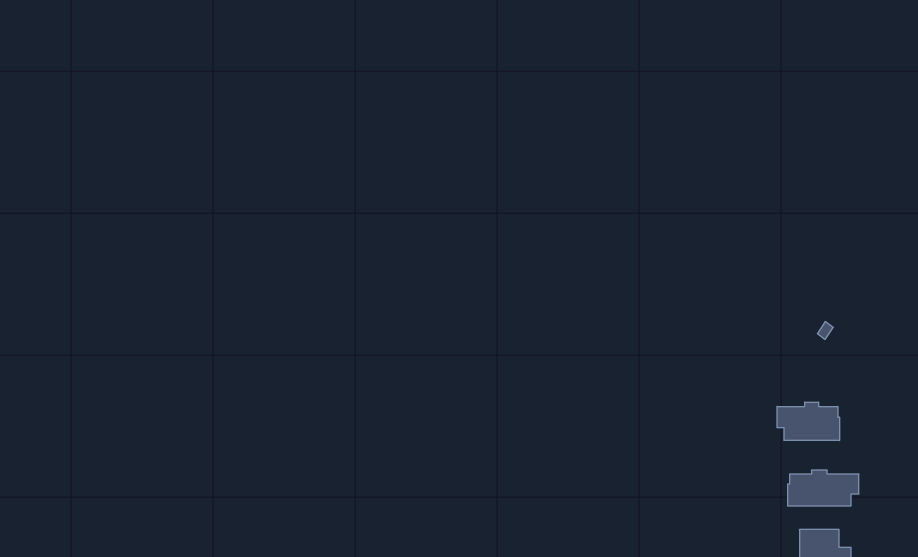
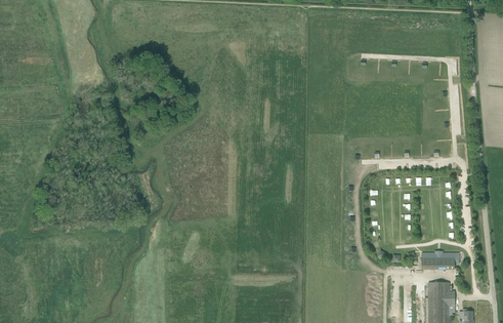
building: [777,402,839,441] -> none

